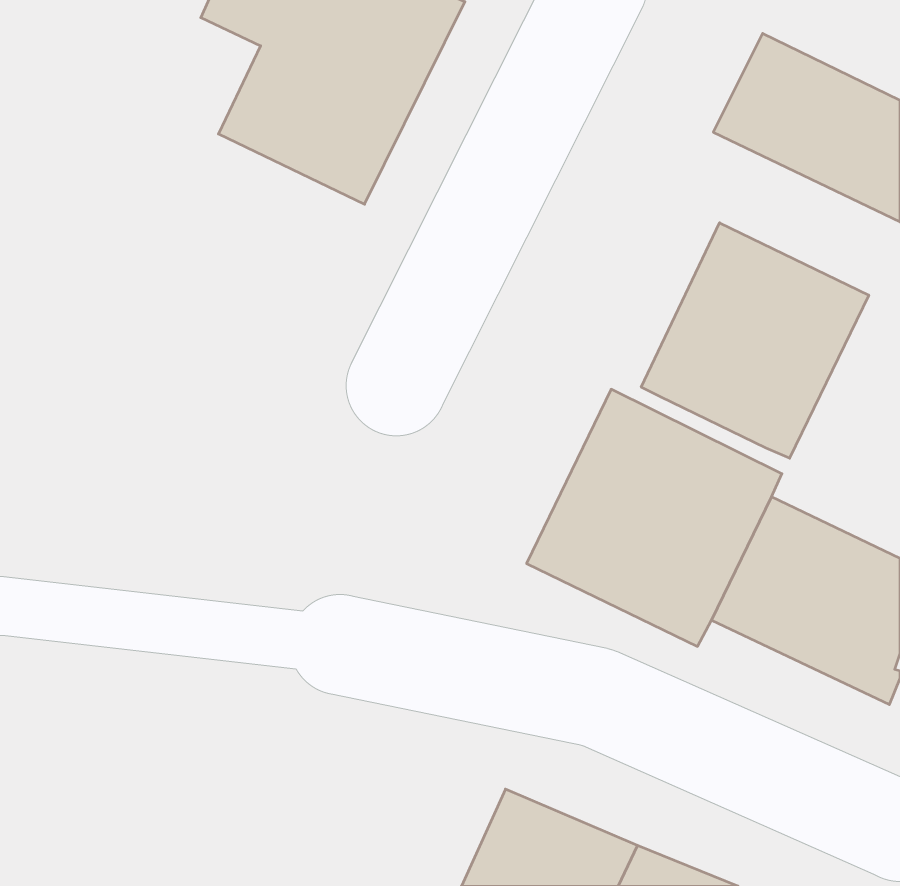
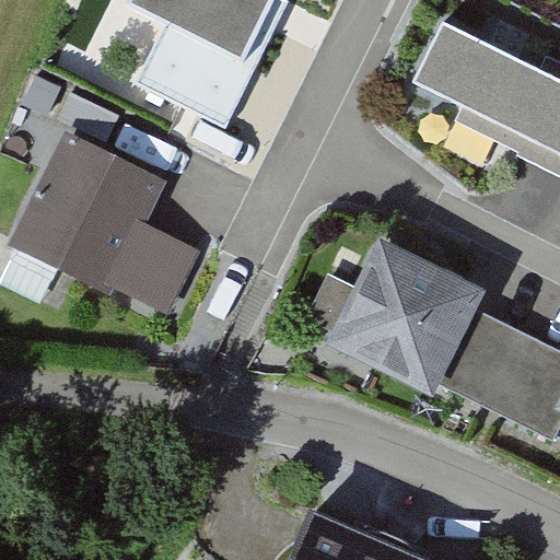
building: none -> [8,136,201,315]
building: [641,223,869,458] -> none

